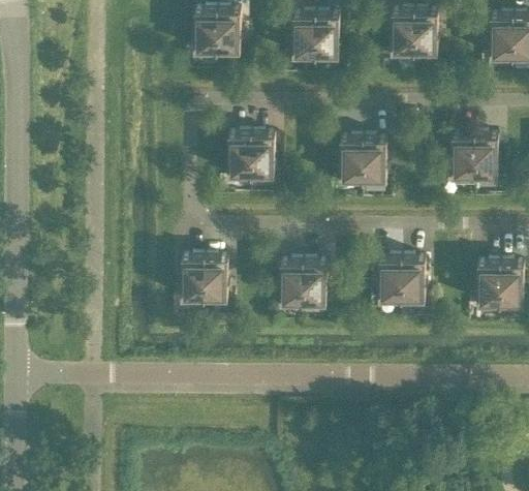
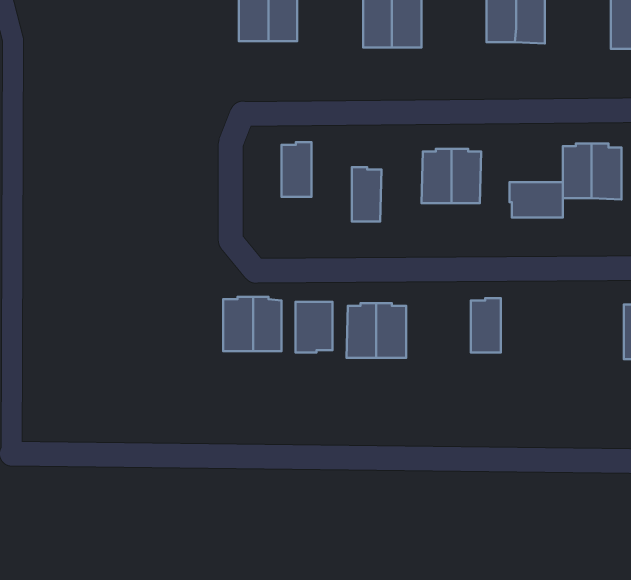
building: [252,133,276,177] -> [352,167,382,222]
building: none -> [509,182,563,217]
building: [403,257,426,302] -> none
building: none -> [295,302,333,353]
building: [477,263,501,306] -> none

